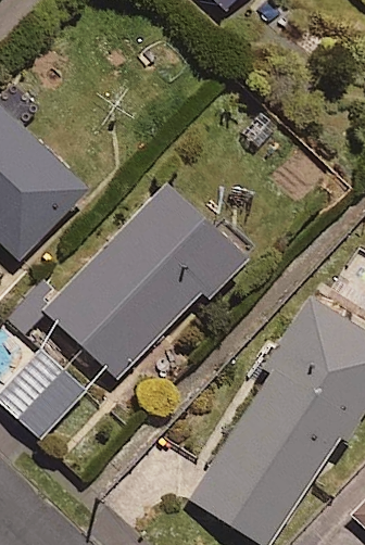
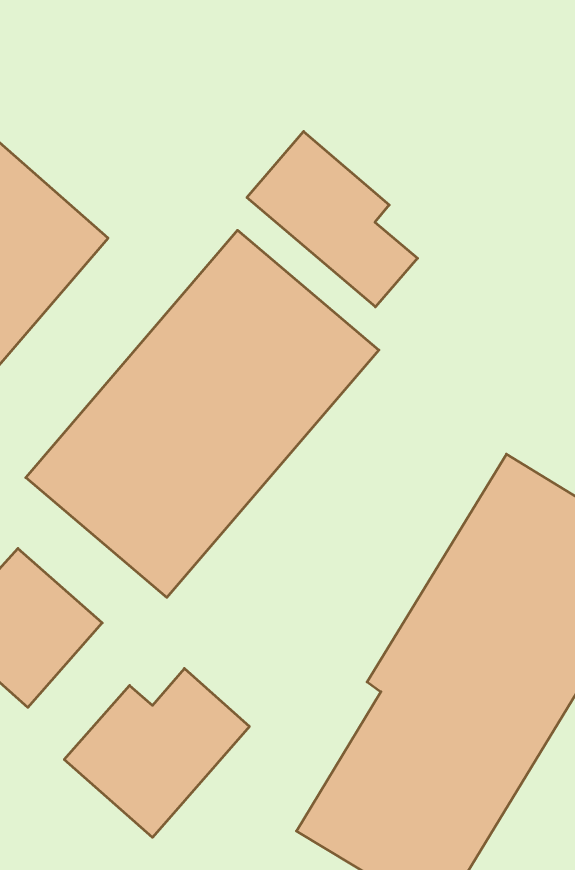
building: none -> [247,131,418,307]
building: none -> [64,668,249,837]

